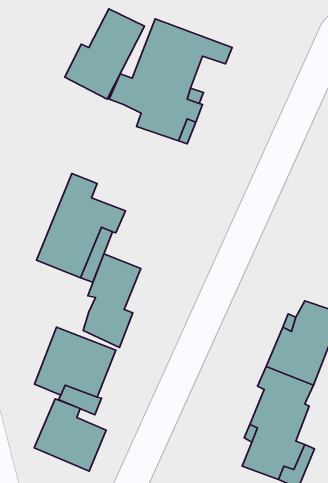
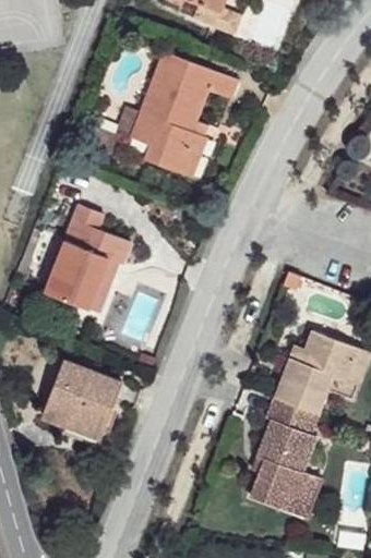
building: [65,9,144,99] -> none
building: [83,254,141,347] -> none
building: [34,399,106,471] -> none

